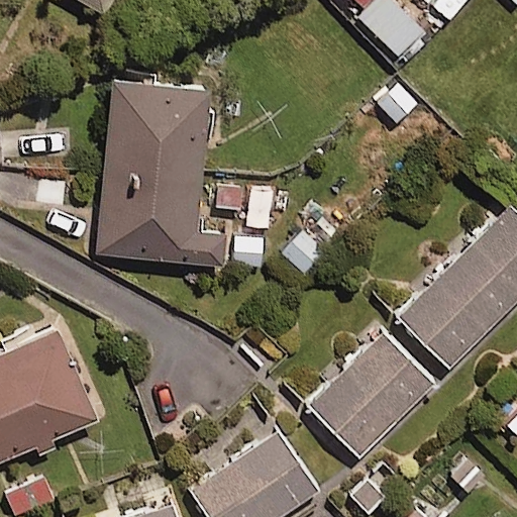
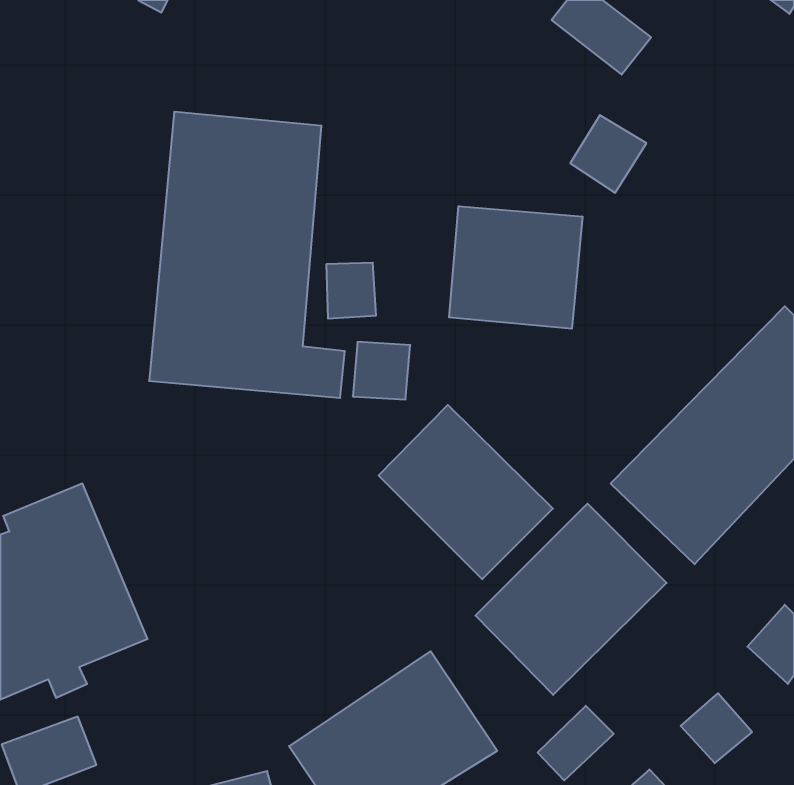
building: none -> [449,206,582,329]
building: none -> [379,405,553,579]

